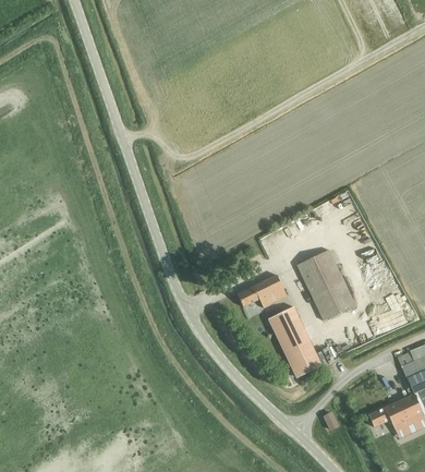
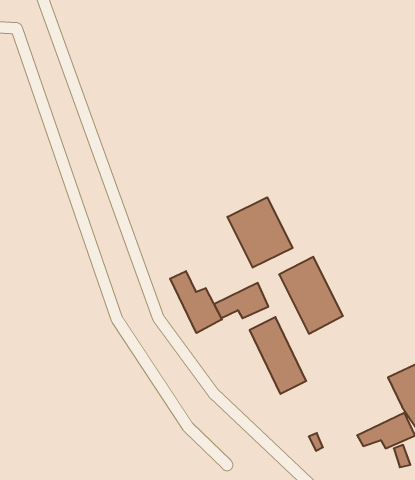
building: none -> [227,197,293,268]
building: none -> [170,271,222,333]

